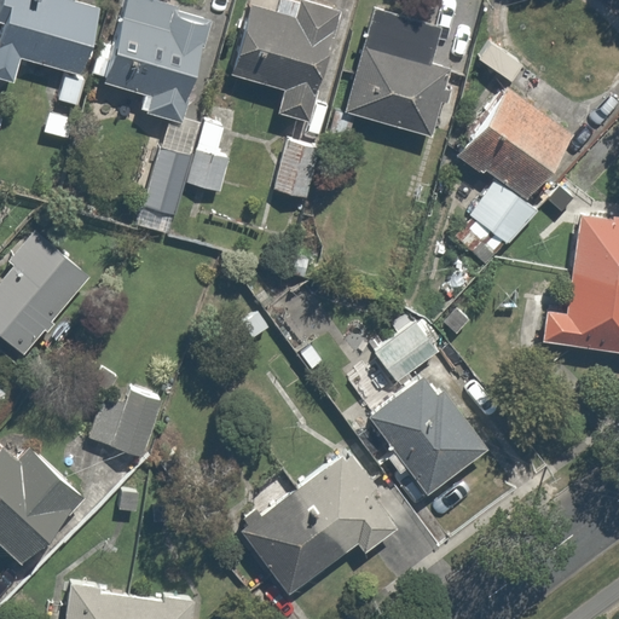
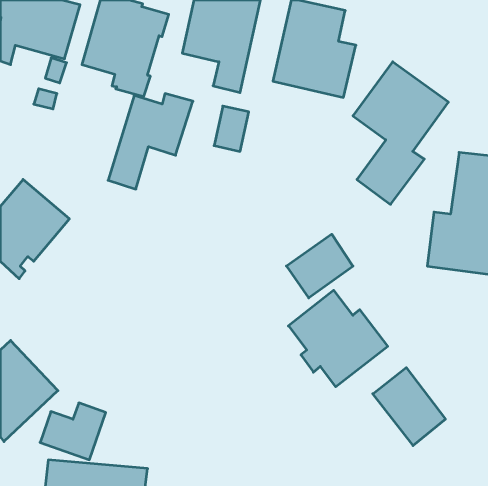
building: [86,388,168,459] -> [40,403,106,460]
building: [232,452,397,594] -> none
building: none -> [373,368,445,446]

